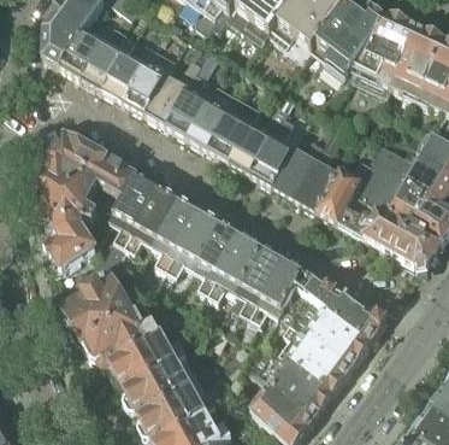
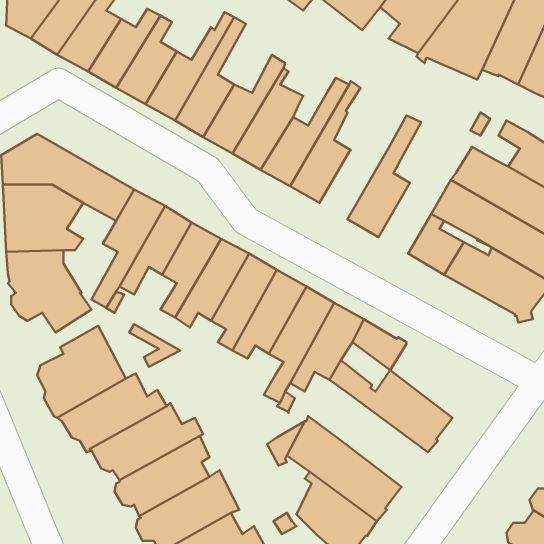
building: [272,136,324,195] -> none
building: [315,156,372,221] -> none
building: [324,287,389,341] -> none
building: [284,322,351,392] -> none

